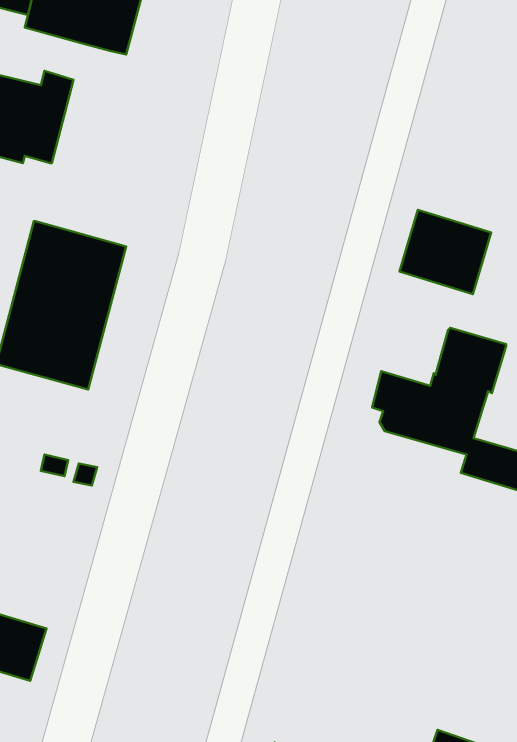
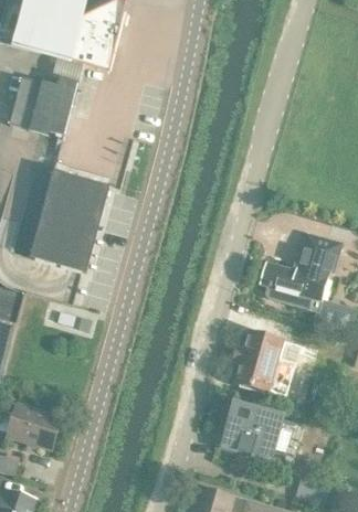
building: [399,210,491,294] -> none
building: none -> [233,330,298,394]
building: none -> [223,403,302,456]

